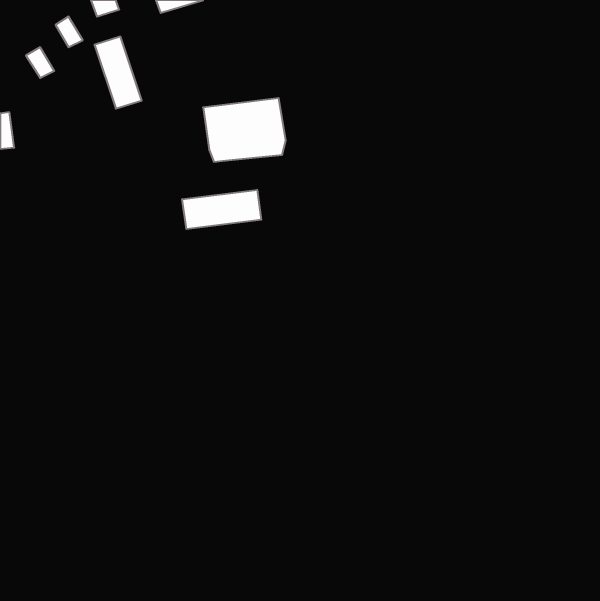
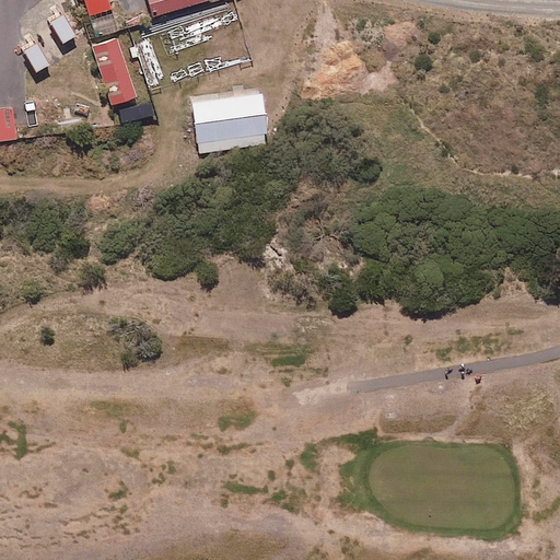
building: [182,190,261,229] -> none

